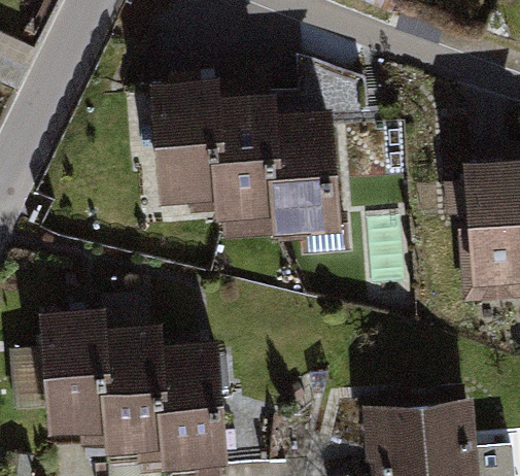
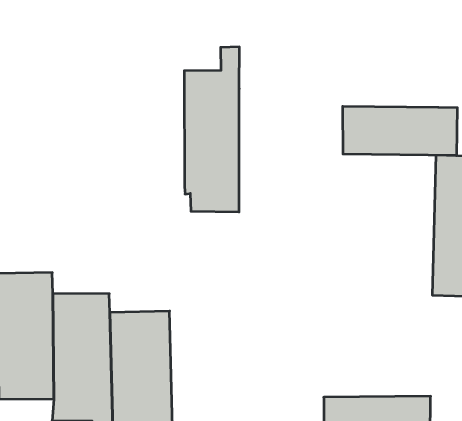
building: [146,80,219,216] -> none
building: [266,109,339,251] -> none
building: none -> [343,106,457,156]

